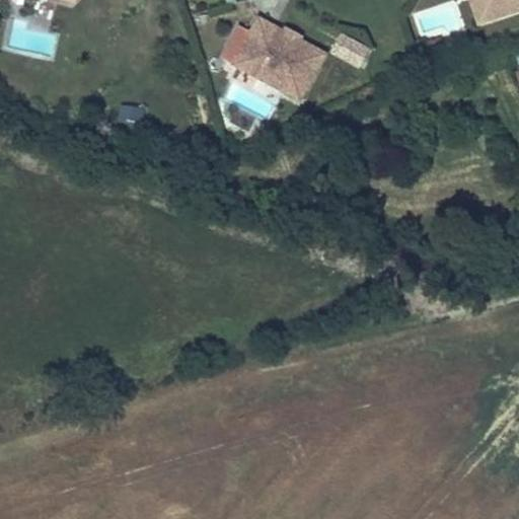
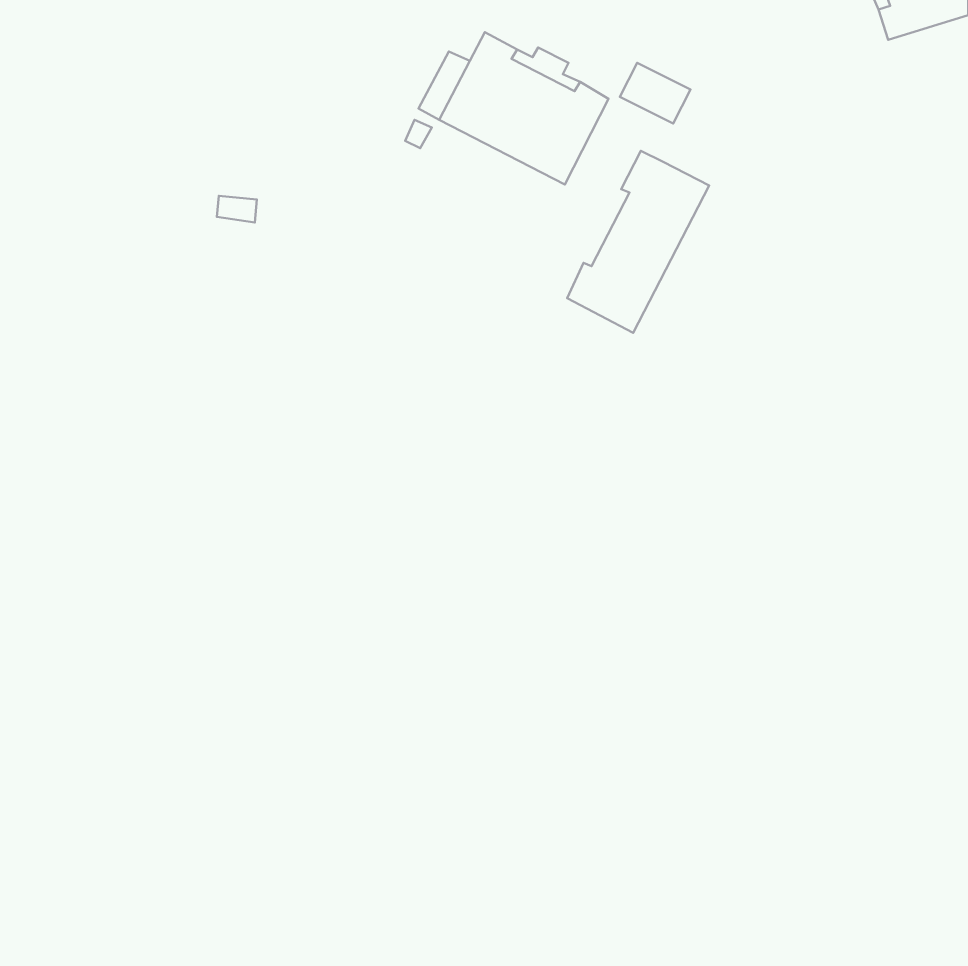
building: none -> [567,151,709,333]

